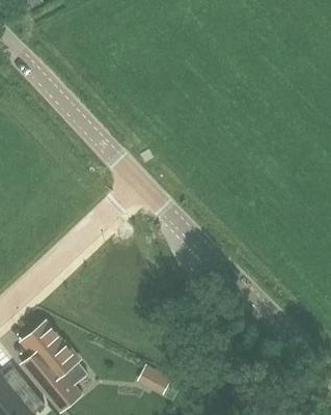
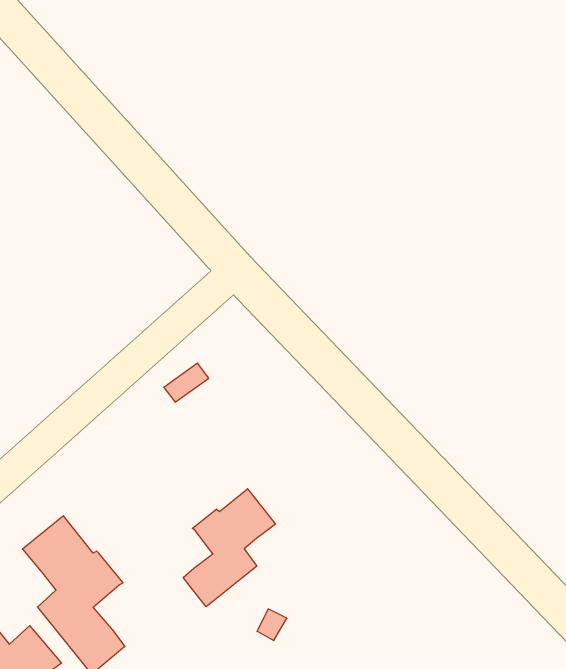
building: none -> [183,489,276,607]

